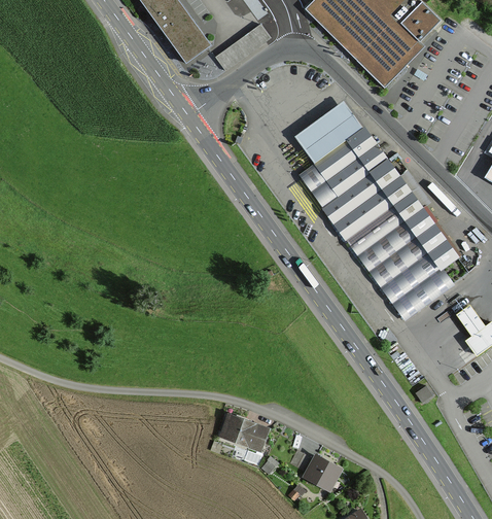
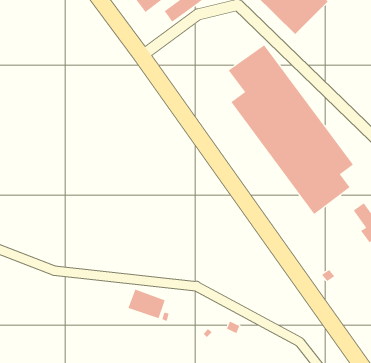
building: [221,415,270,453] -> [127,289,166,319]
building: [304,458,343,495] -> none

